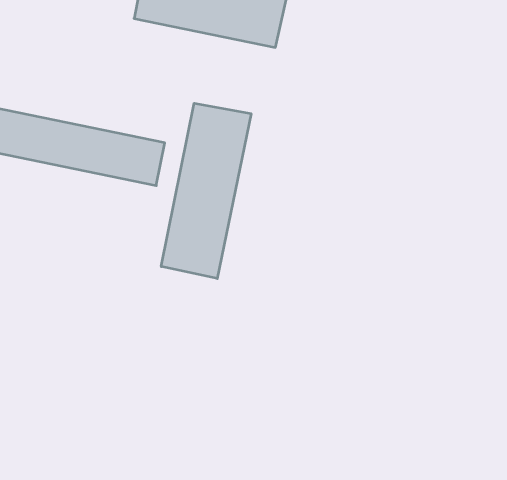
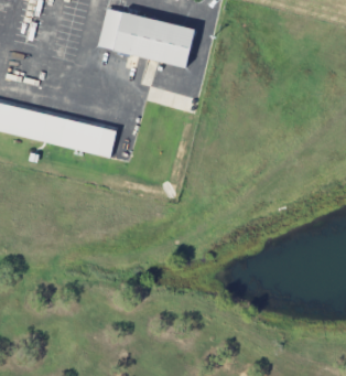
building: [161,103,251,279] -> none

